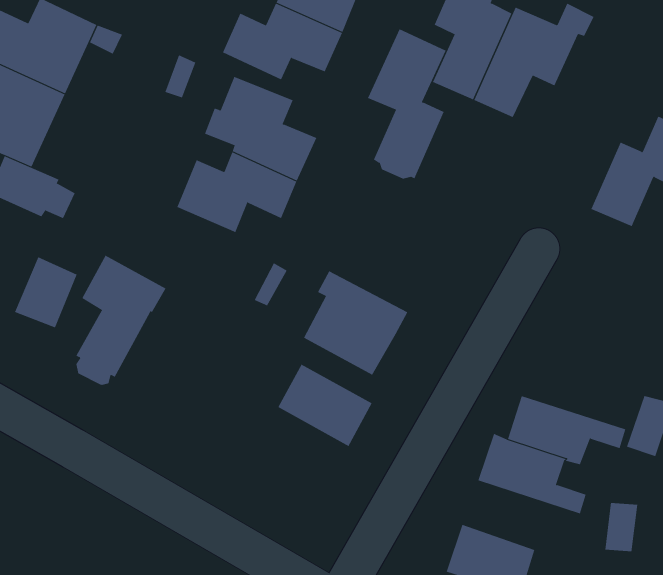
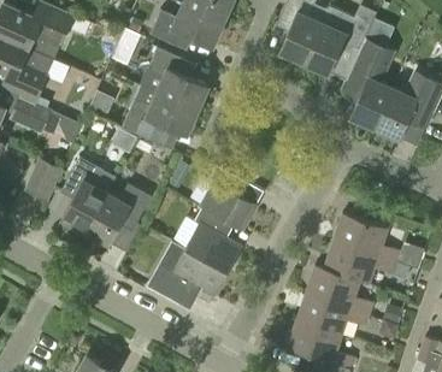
building: [367,29,447,179] -> [346,37,394,129]
building: none -> [86,184,152,244]
building: none -> [332,213,400,262]
building: none -> [159,249,228,302]
building: none -> [296,294,369,336]

